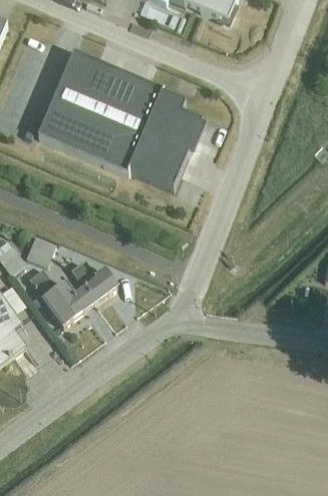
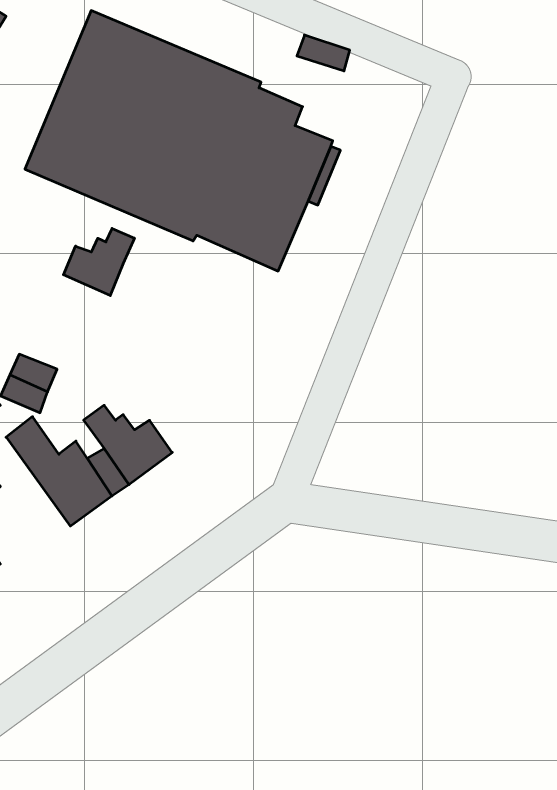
building: none -> [63,228,134,296]

